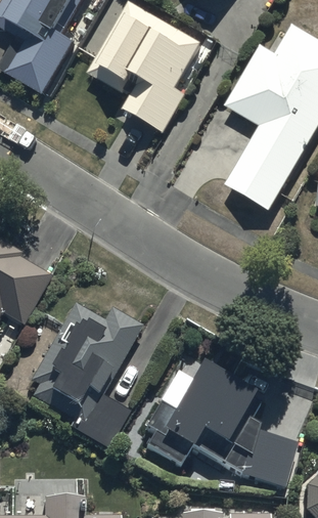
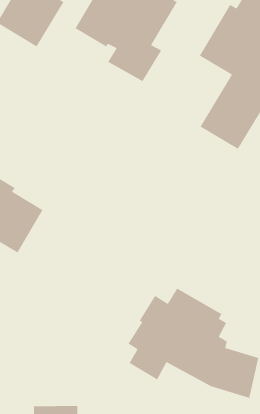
building: [30,304,142,449] -> none

